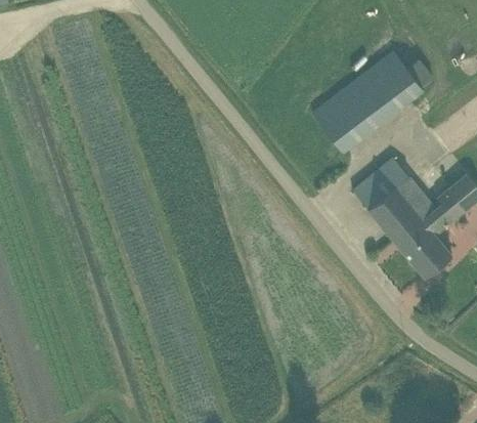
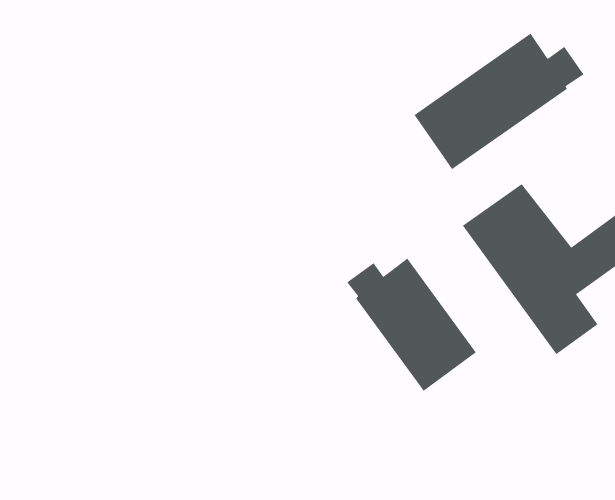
building: none -> [346,258,477,392]

